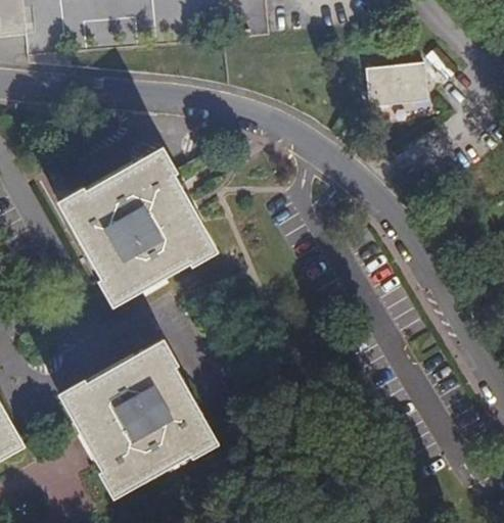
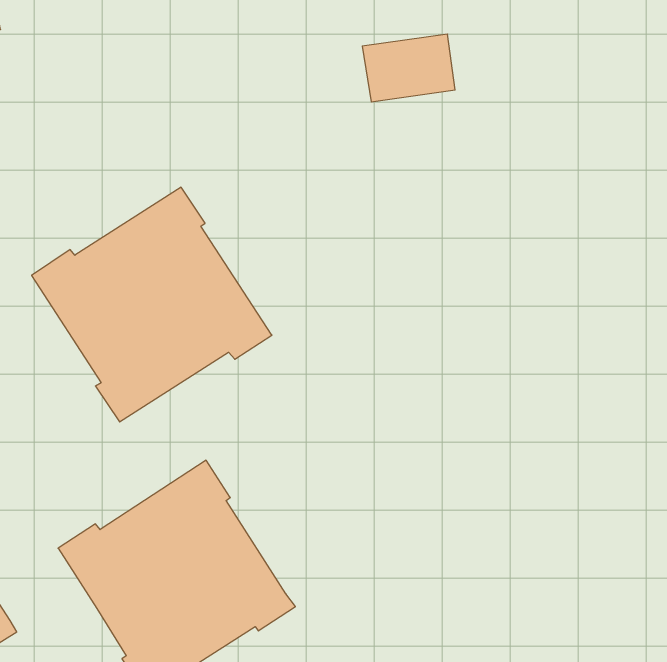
building: [361,65,423,109] -> [362,34,455,102]

